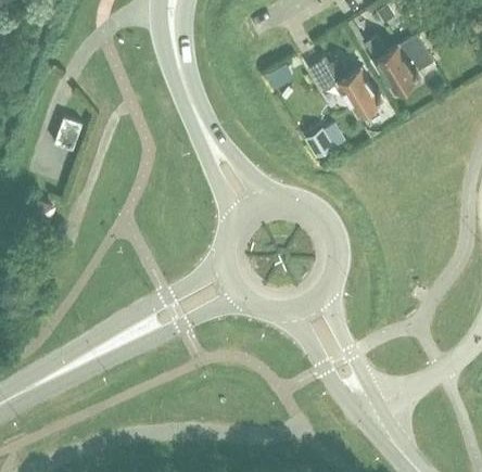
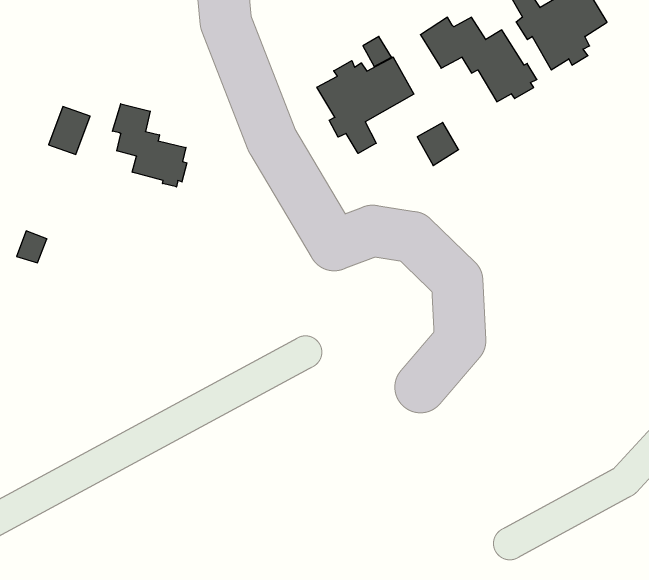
building: none -> [317,57,414,153]
building: none -> [112,104,187,187]

